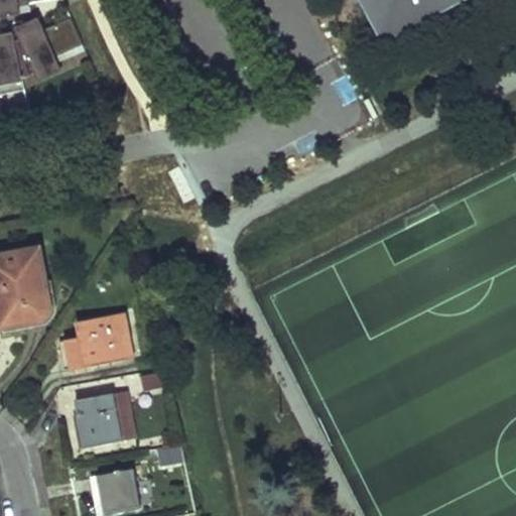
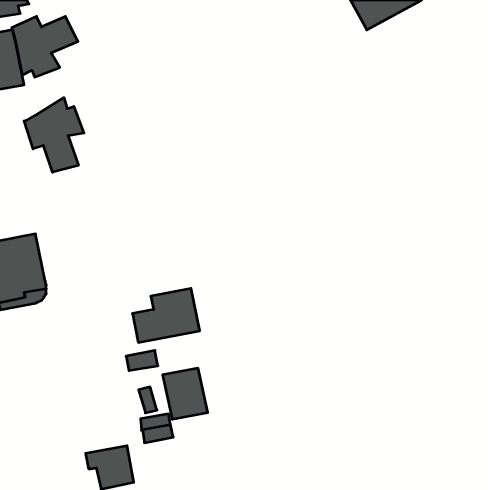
building: none -> [24,98,84,172]
building: [61,309,132,366] -> [132,288,200,342]
building: [75,393,122,446] -> [163,368,208,419]

